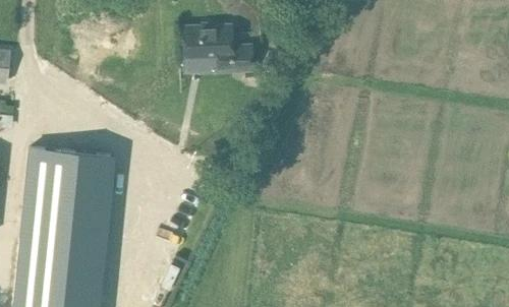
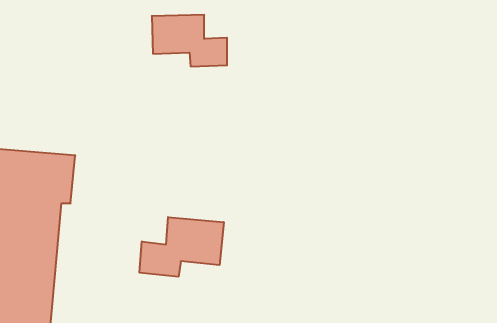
building: none -> [140,217,224,277]

